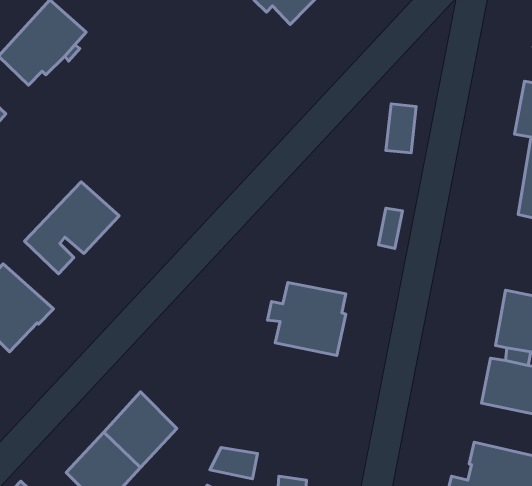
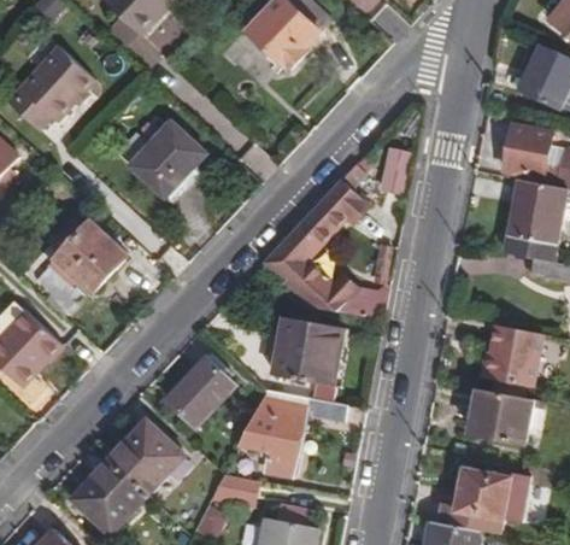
building: none -> [130,121,205,197]
building: none -> [262,164,384,318]
building: none -> [165,357,233,427]
building: none -> [236,389,347,474]

